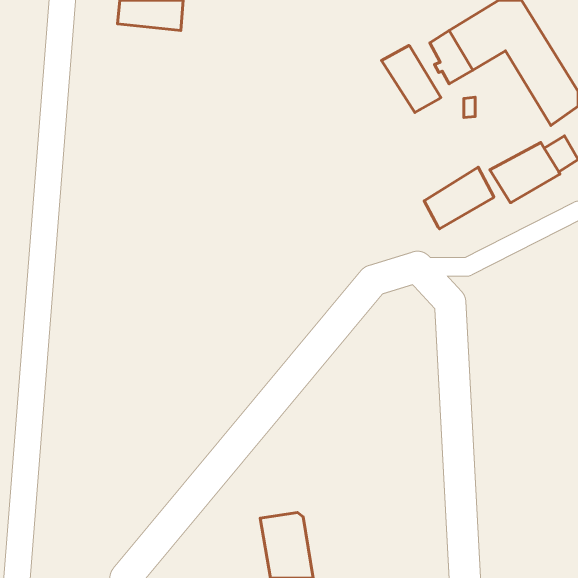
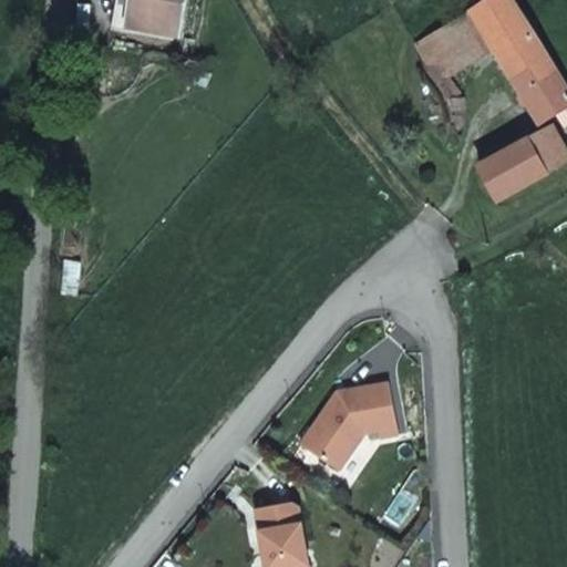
building: [382,45,441,112] -> none
building: [424,167,494,229] -> none
building: none -> [300,382,396,468]

